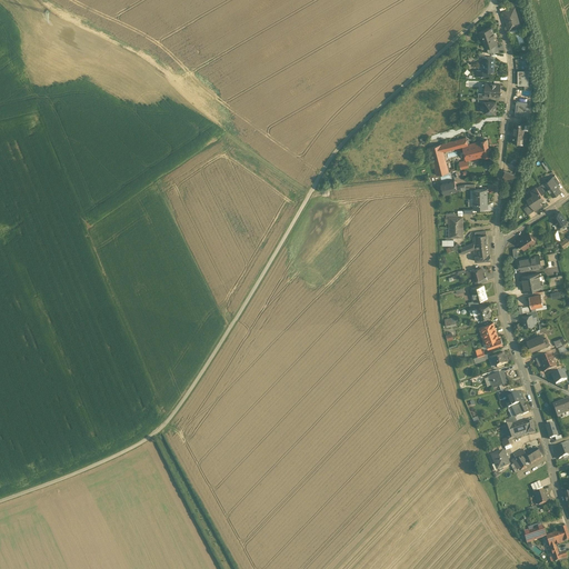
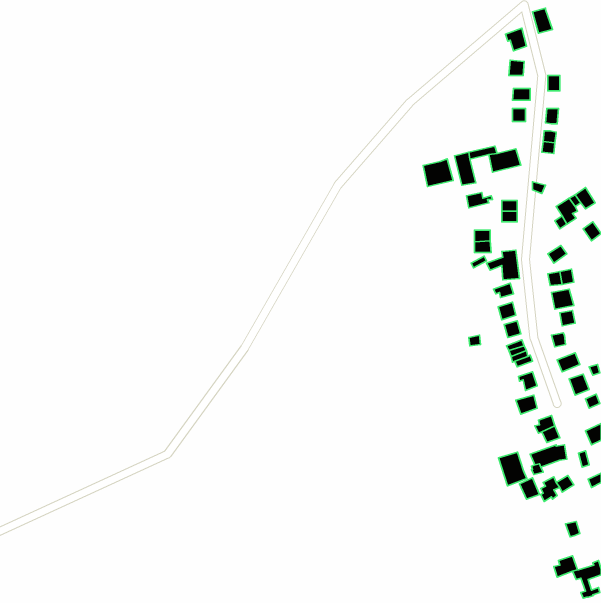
building: none -> [423,159,453,187]
building: none -> [498,452,527,486]

